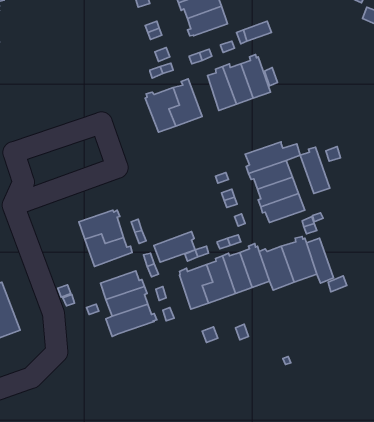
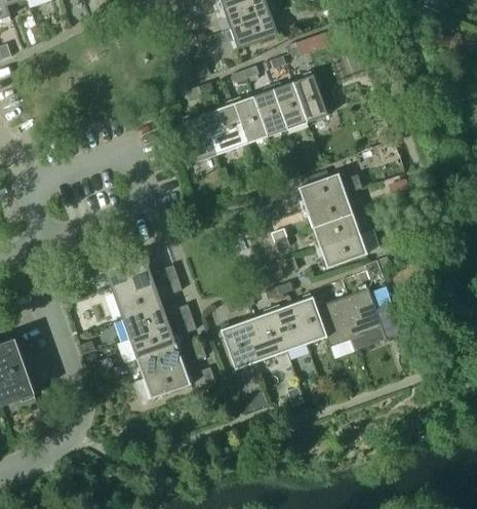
building: none -> [232,95,268,144]
building: [300,147,330,193] -> none
building: [154,231,195,262] -> [122,303,170,339]

